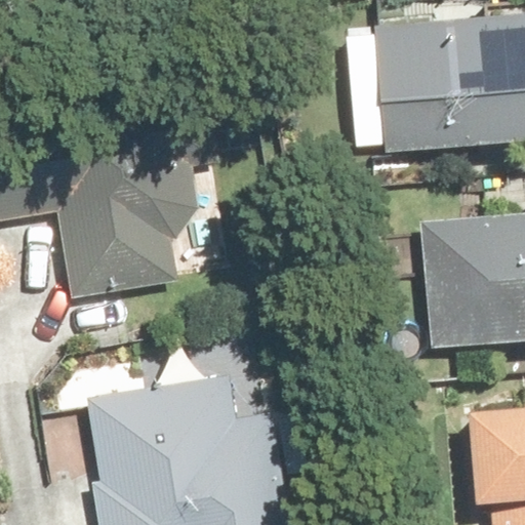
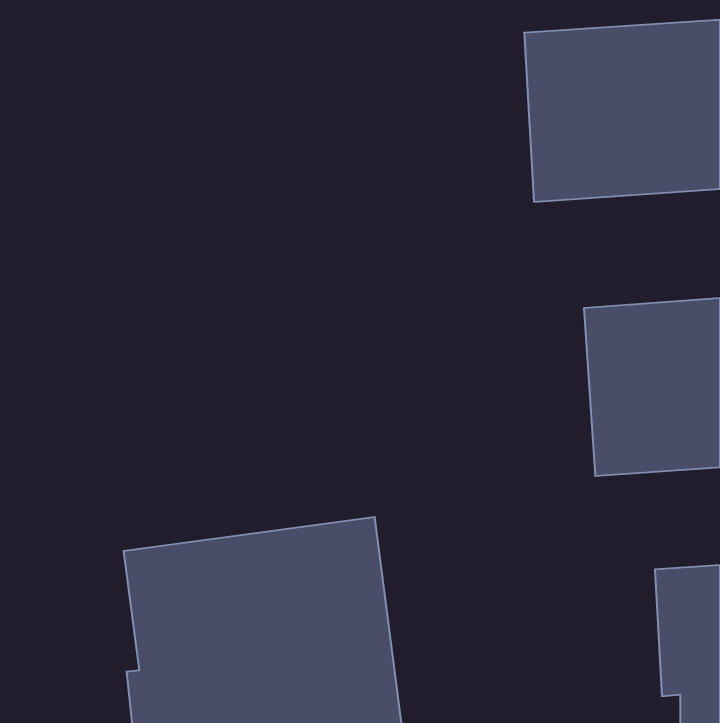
building: [9,148,195,298] -> none

